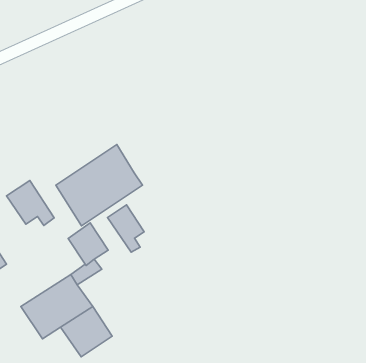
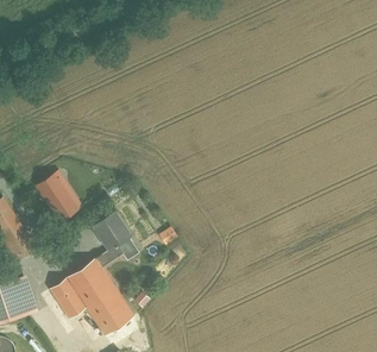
building: [56,144,143,226] -> none
building: [108,205,144,252] -> none

